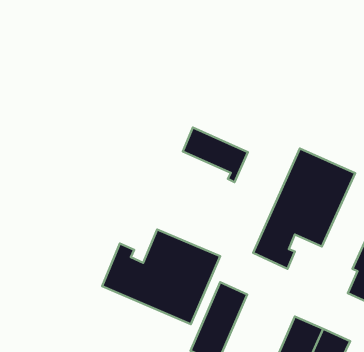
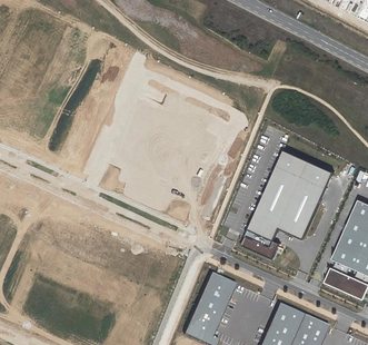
building: [183,128,248,182] -> none
building: [102,230,220,324] -> none

